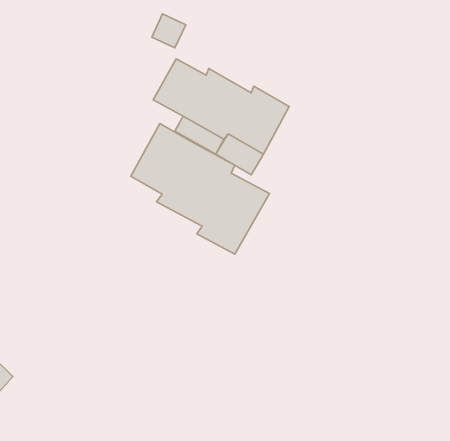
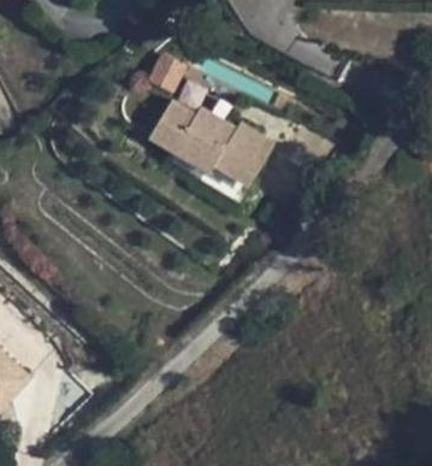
building: [131,123,269,254] -> none

